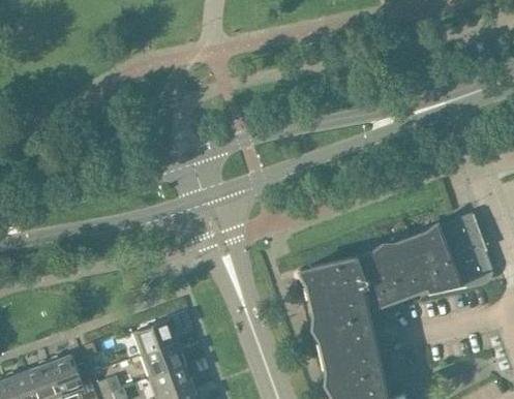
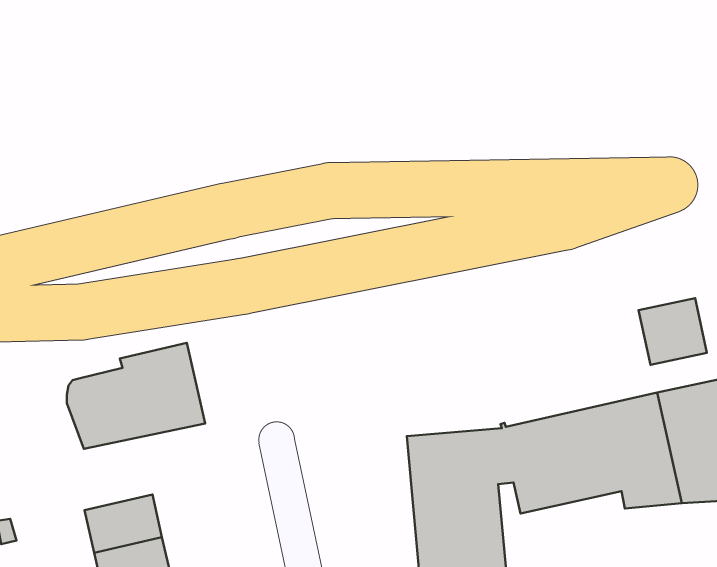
building: none -> [639,298,707,365]
building: none -> [67,343,205,449]

